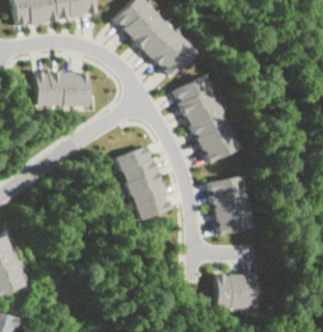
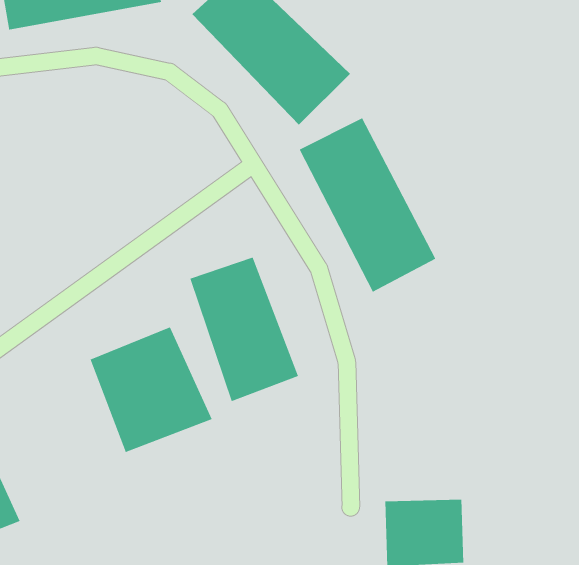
building: [33,72,90,107] -> none
building: [208,176,254,237] -> none
building: none -> [90,327,213,453]

